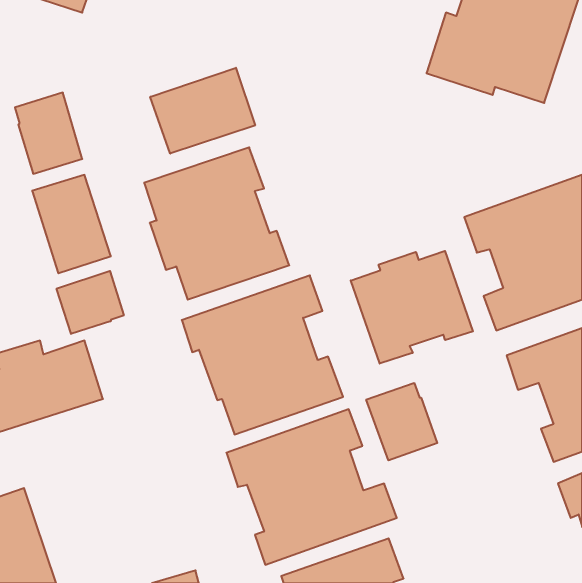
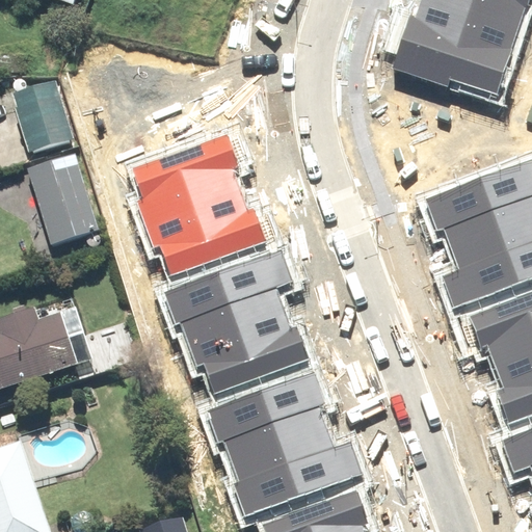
building: [150,68,255,154] -> none
building: [351,251,473,364] -> none
building: [57,271,124,334] -> none
building: [366,383,437,460] -> none

